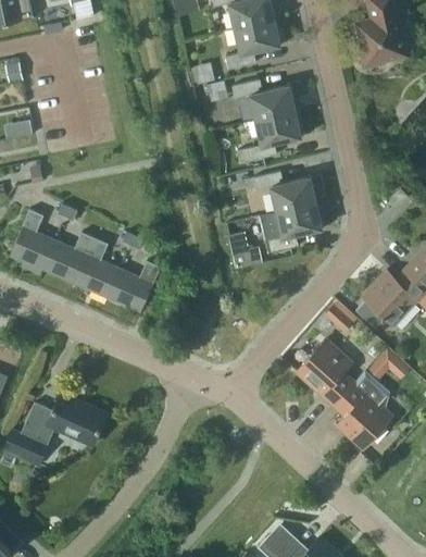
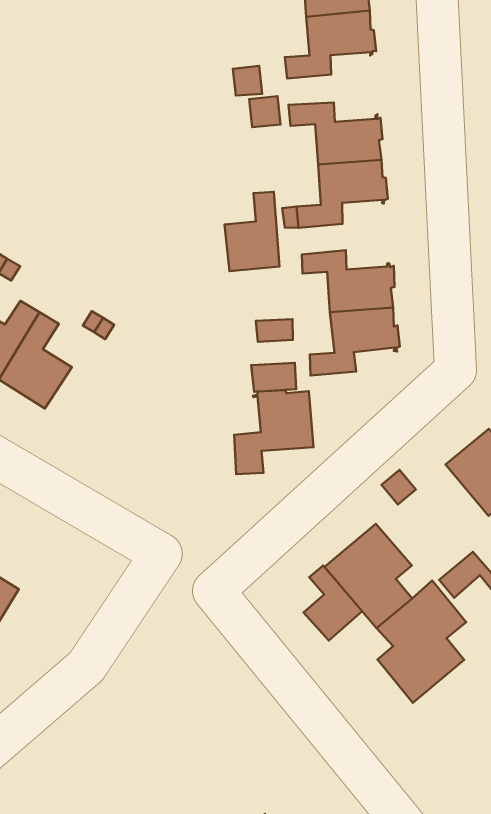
building: none -> [225,192,280,271]
building: [107,261,159,312] -> none
building: none -> [234,390,313,474]
building: none -> [303,565,362,641]

